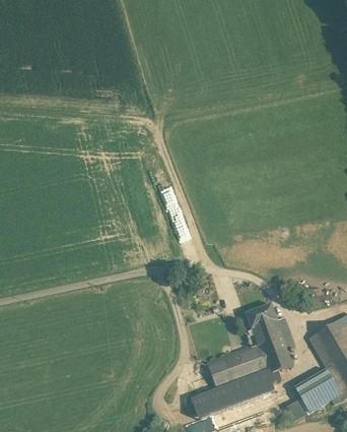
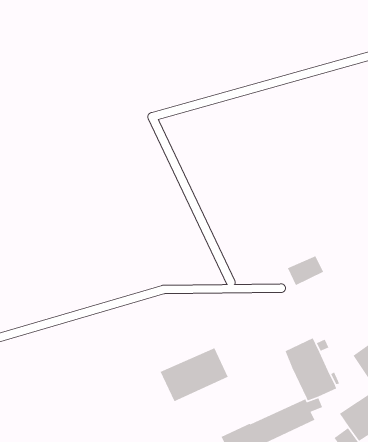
building: [246,303,277,328] -> [287,255,324,286]
building: [208,344,267,388] -> [159,347,229,402]

